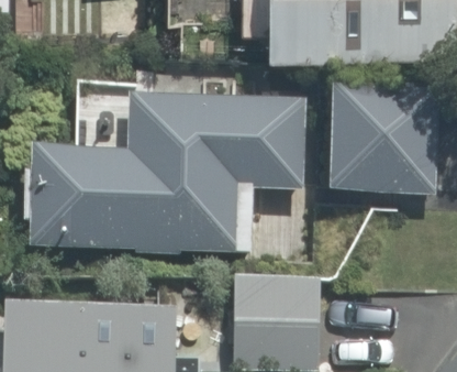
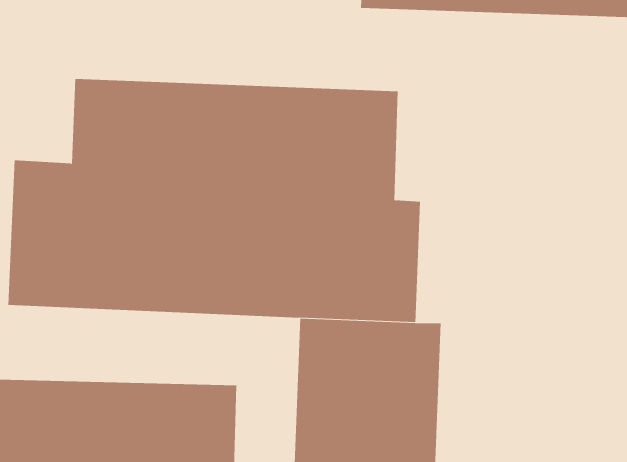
building: [328,90,433,198] -> none

